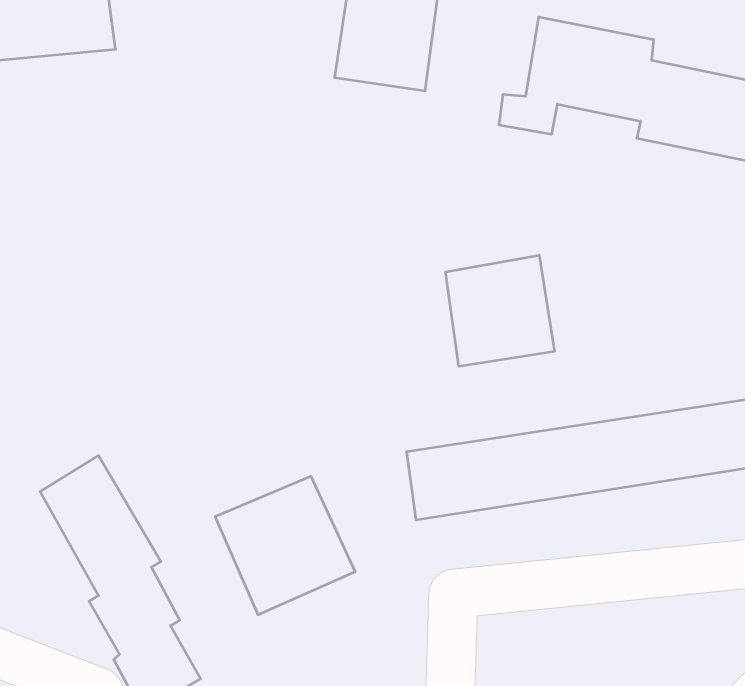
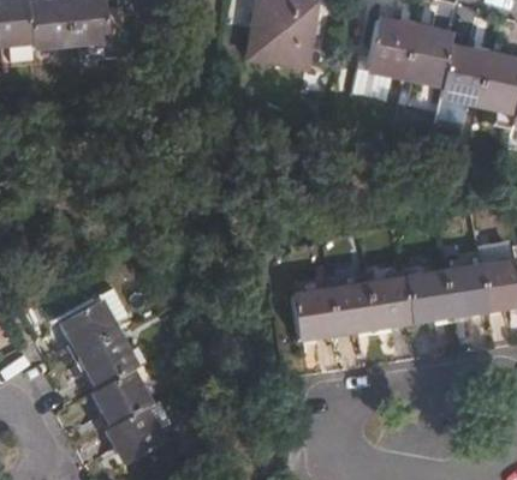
building: [446,255,554,366] -> none
building: [215,476,355,615] -> none

